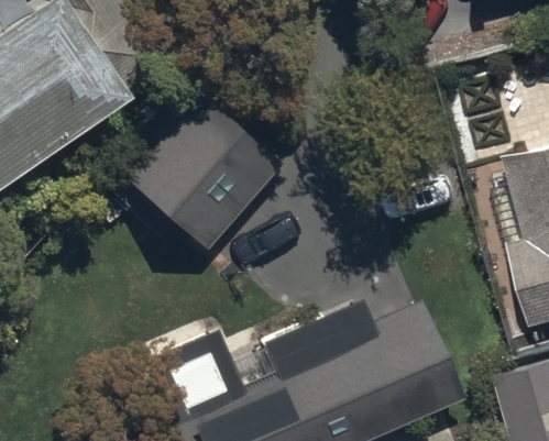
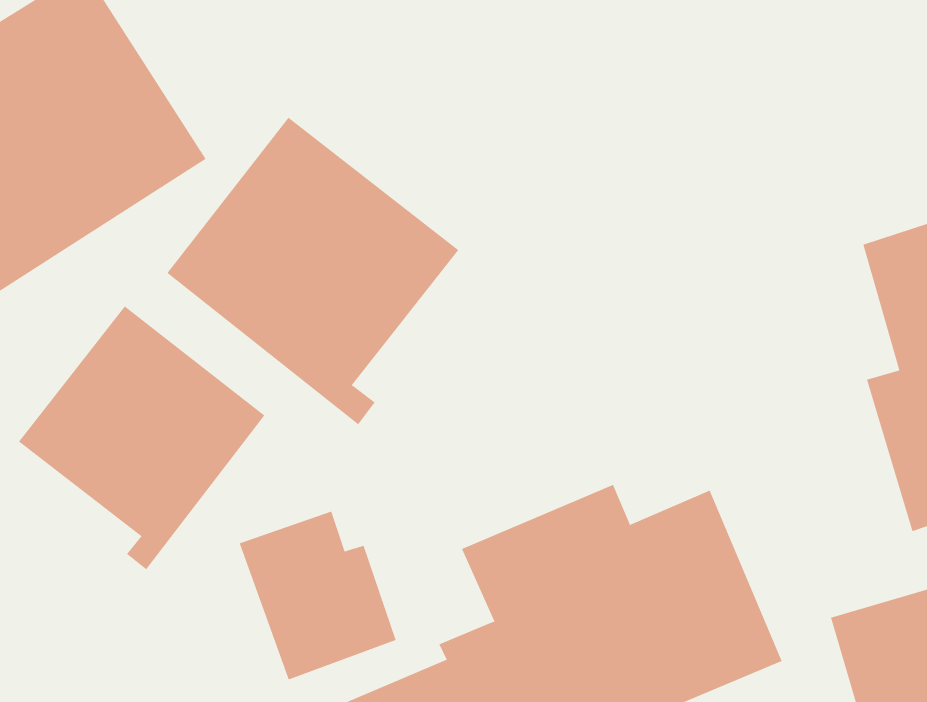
building: none -> [18,305,265,570]

